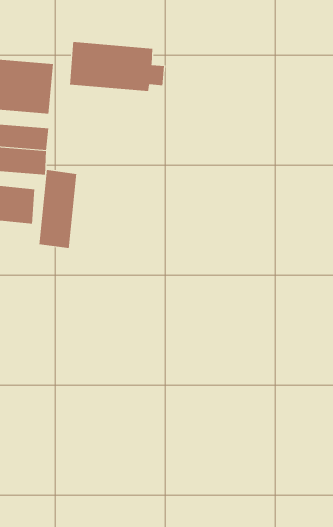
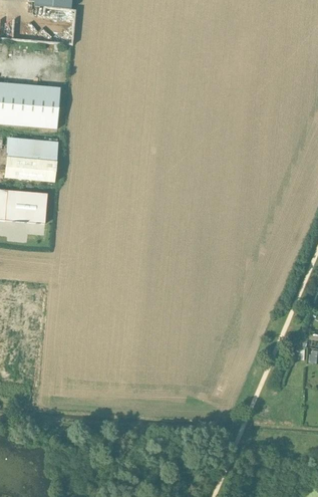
building: [69,41,164,92] -> none
building: [39,169,77,249] -> none

